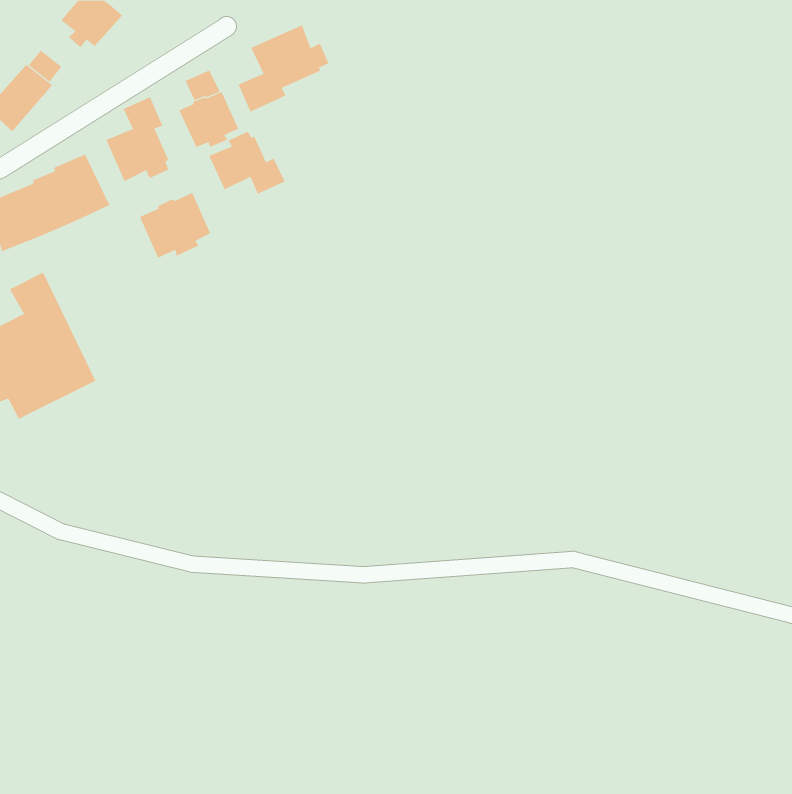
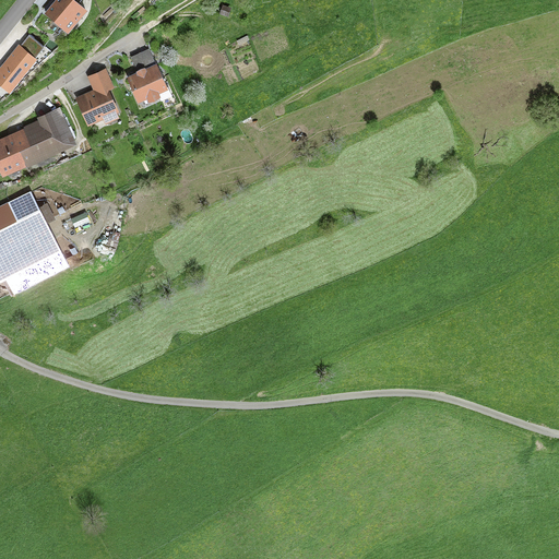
building: [238,24,329,112] -> none
building: [209,131,285,195] -> none
building: [140,192,211,258] -> none

